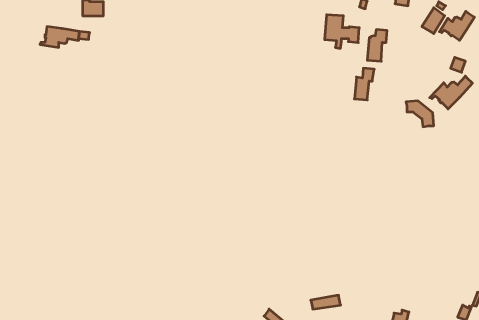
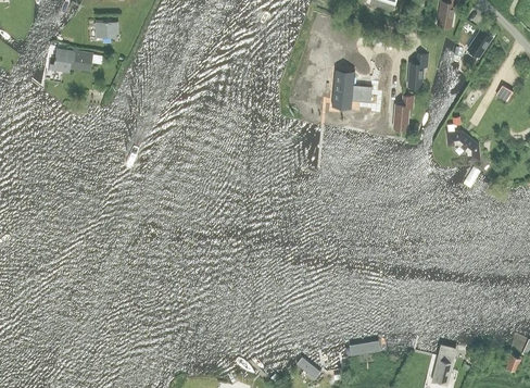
building: [439,11,474,40] -> none
building: [325,15,359,48] -> [332,73,370,110]
building: [430,76,472,109] -> none

